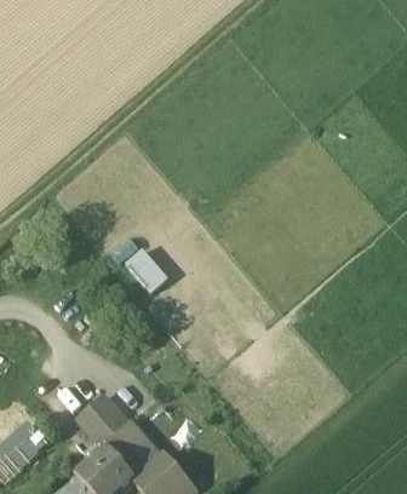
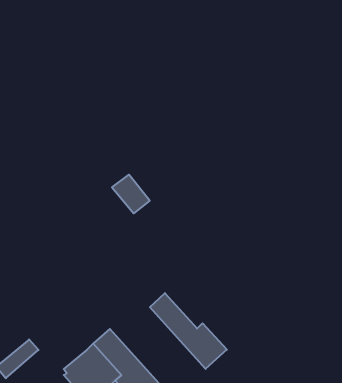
building: none -> [150,293,227,369]
building: [76,394,127,446] -> none

